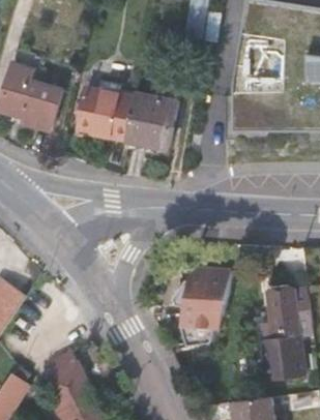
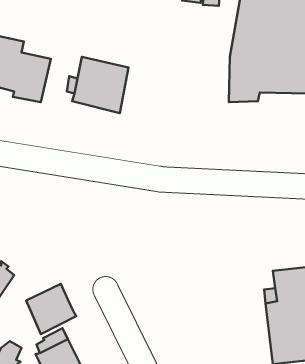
building: [123,94,176,158] -> none
building: [173,265,232,346] -> none
building: none -> [26,284,76,334]

